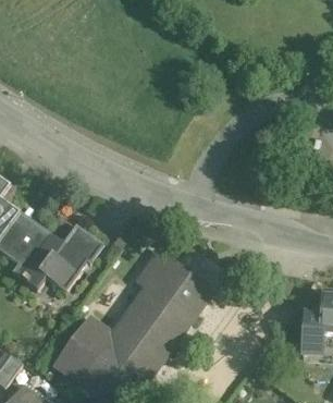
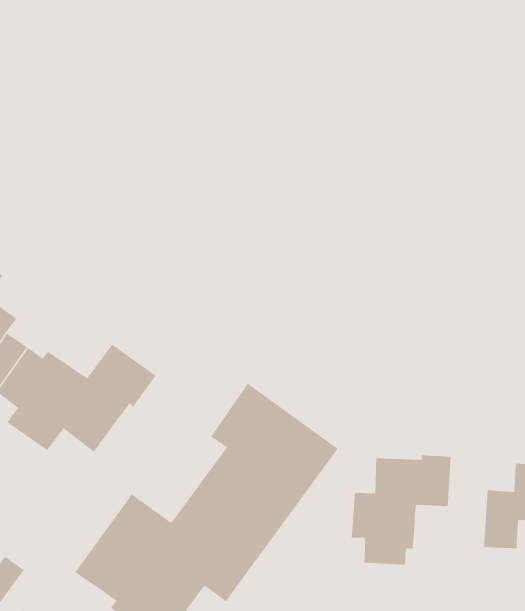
building: none -> [351,455,451,566]

